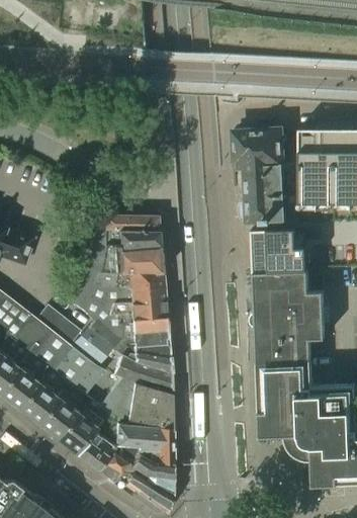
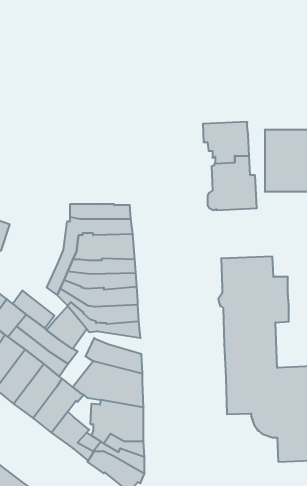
building: [251,229,306,273] -> none
building: [115,349,170,373] -> none

